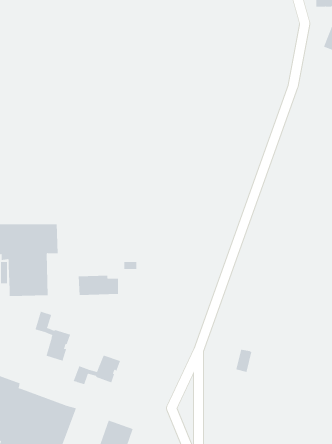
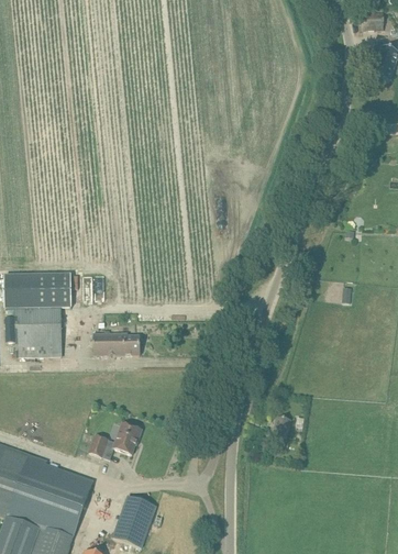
building: [35,311,71,362] -> none

